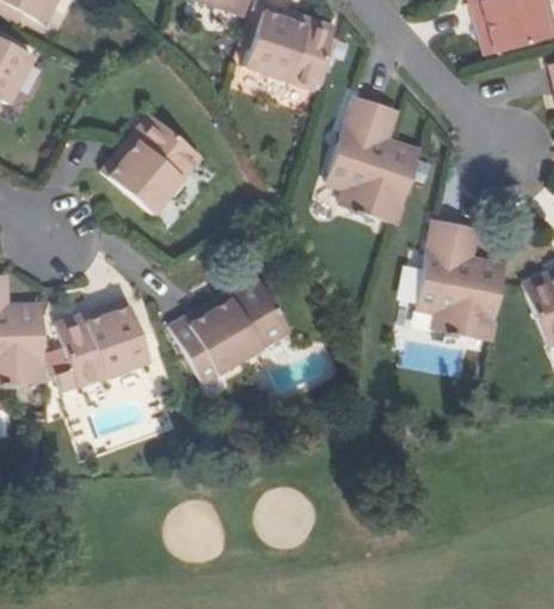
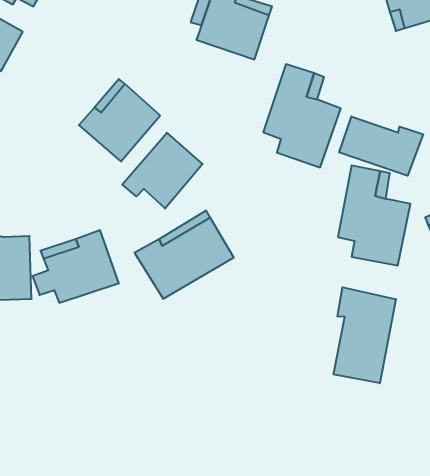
building: none -> [339,116,423,176]
building: none -> [122,133,203,209]
building: none -> [333,287,396,383]

